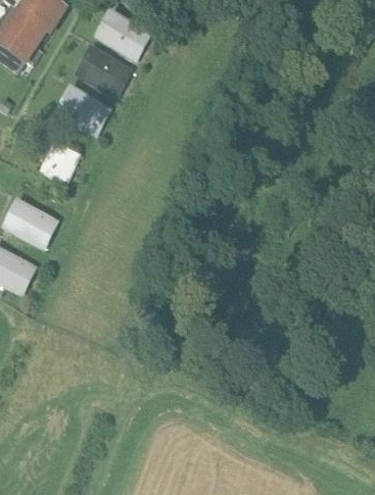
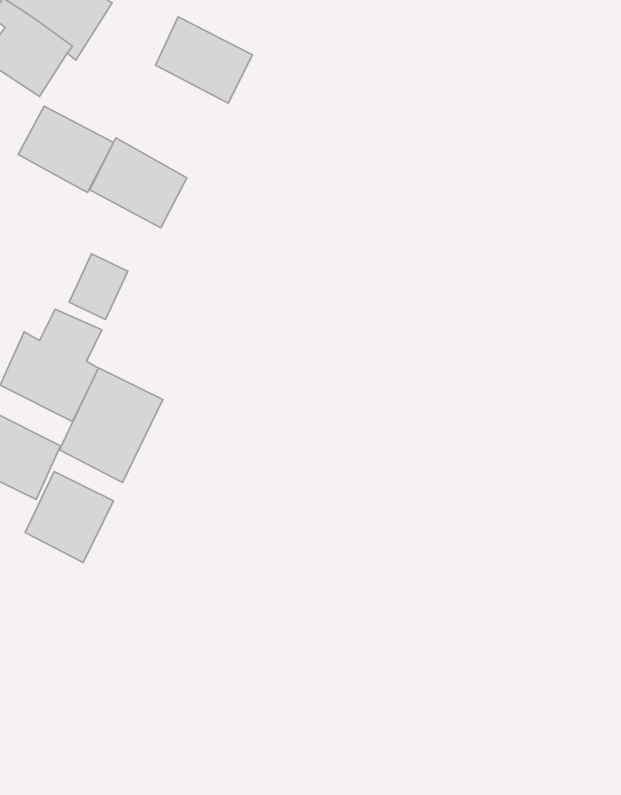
building: [76,45,132,96] -> [18,106,114,193]
building: none -> [60,368,163,483]
building: none -> [25,472,113,562]

